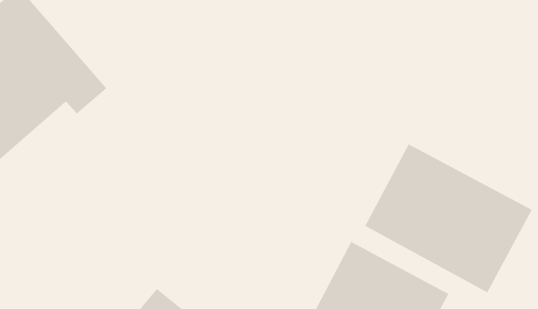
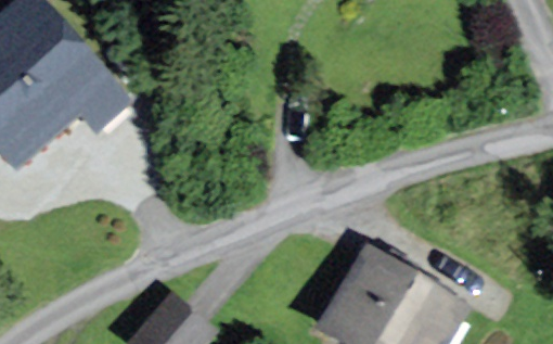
building: [365,143,532,293] -> none

